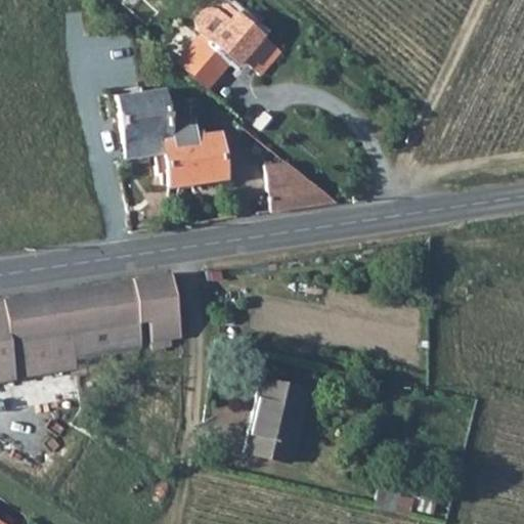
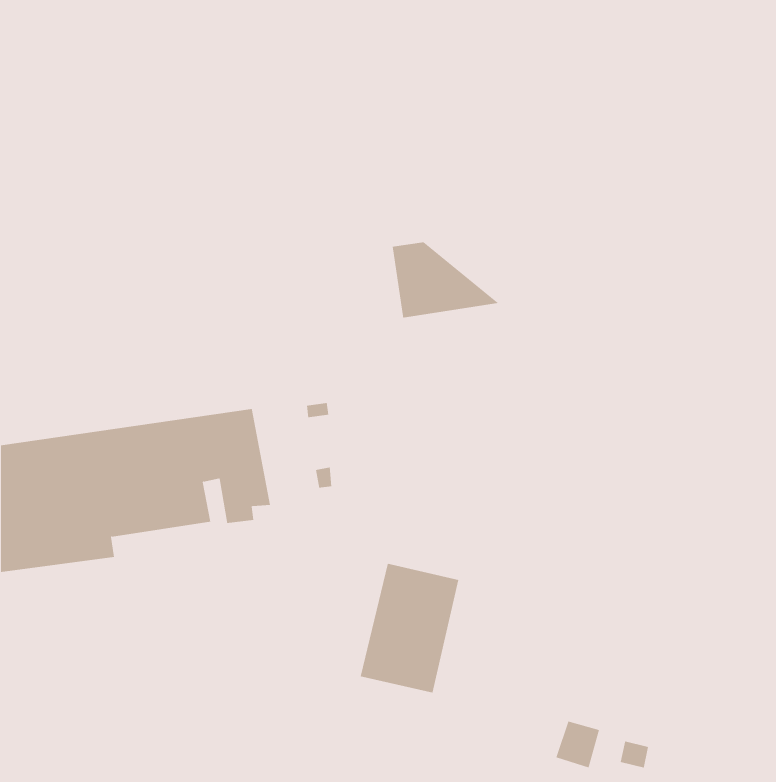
building: [178,8,285,89] -> none
building: [115,87,229,189] -> none

